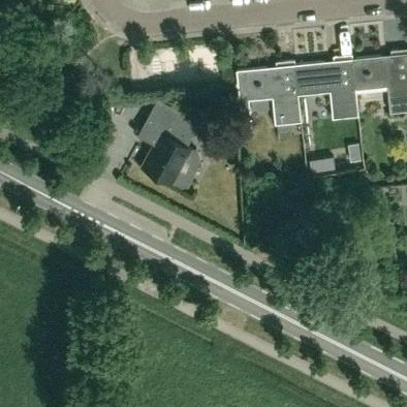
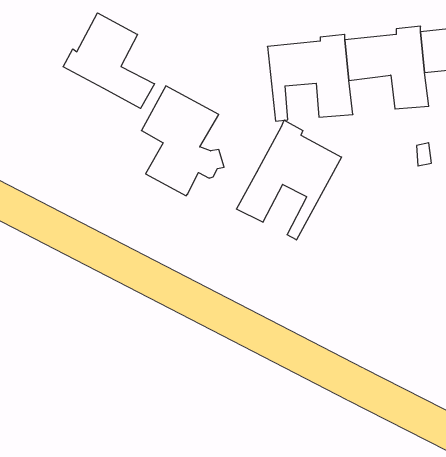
building: none -> [63,13,155,108]
building: none -> [236,120,342,240]

